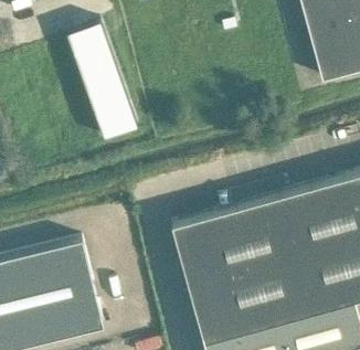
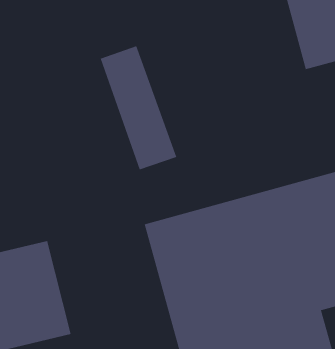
building: [66,23,138,139] -> [100,46,177,170]

